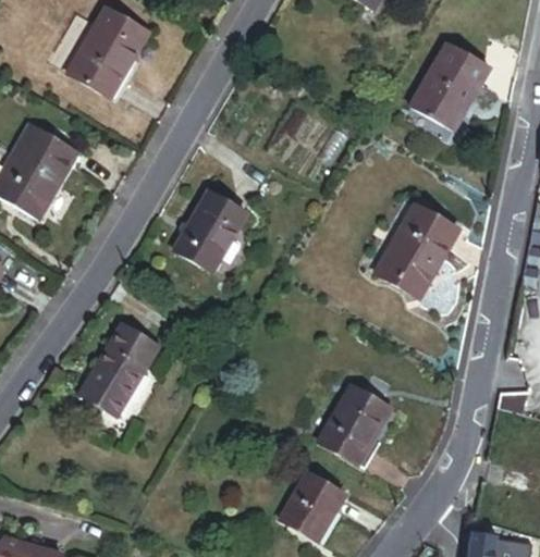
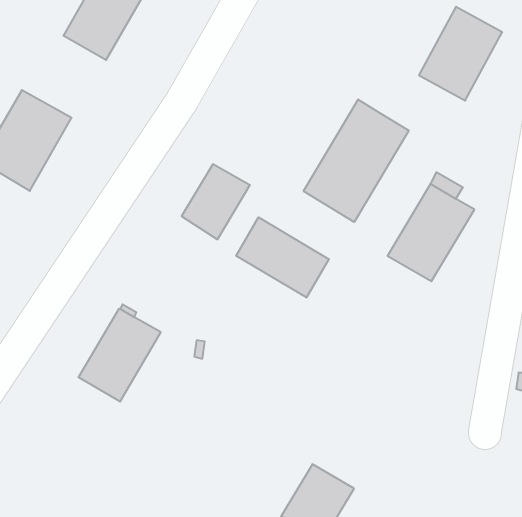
building: none -> [304,99,409,222]
building: none -> [236,217,329,298]
building: [324,392,398,476] -> none

